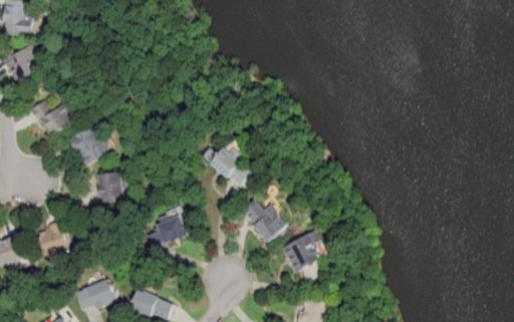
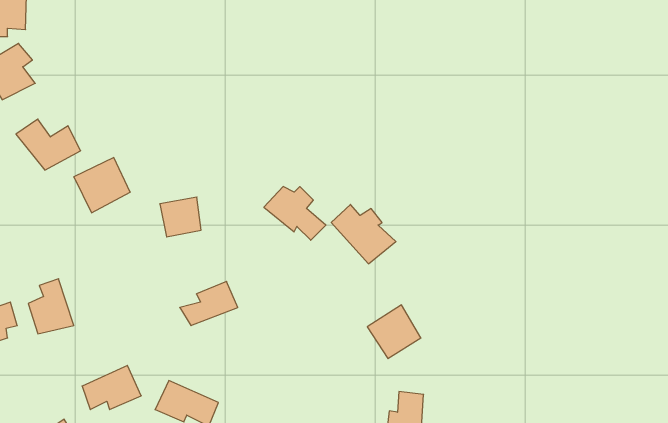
building: [93,172,123,201] -> [160,197,201,237]
building: [241,200,288,243] -> [331,204,396,264]

